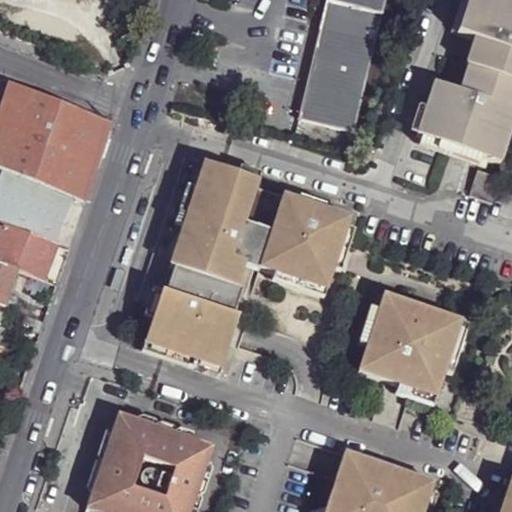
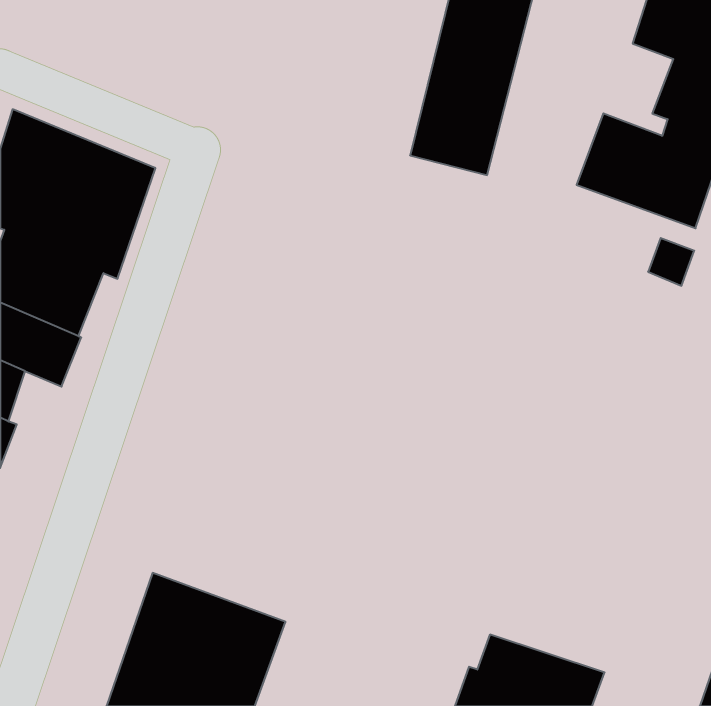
building: [146,159,353,367] -> none
building: [359,293,465,396] -> none

